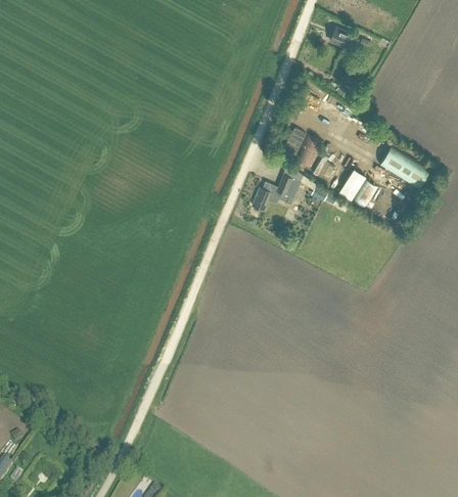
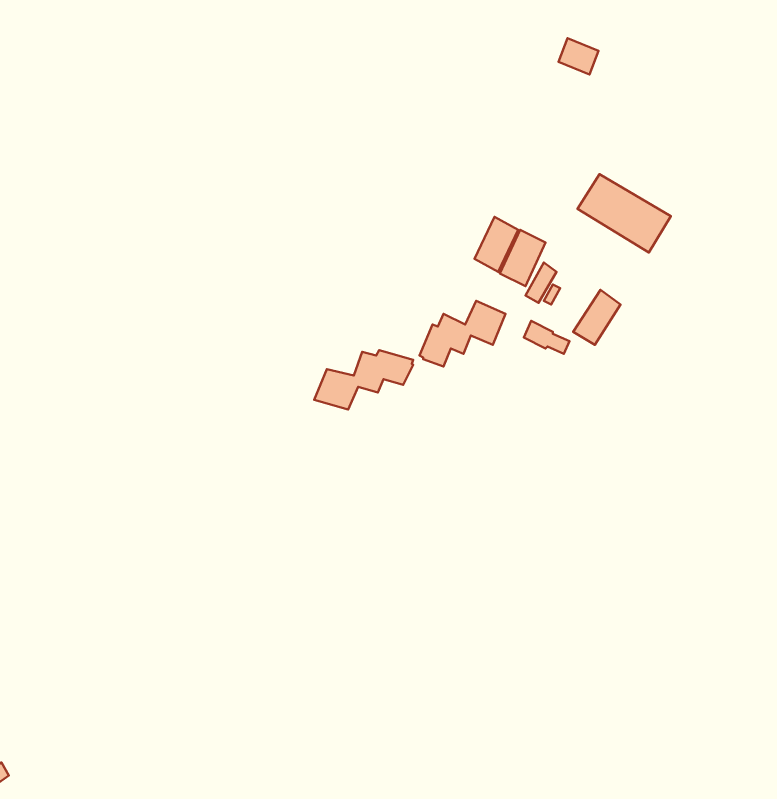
building: [377,145,429,189] -> [578,174,671,253]
building: [350,179,377,209] -> none
building: none -> [314,350,413,409]

